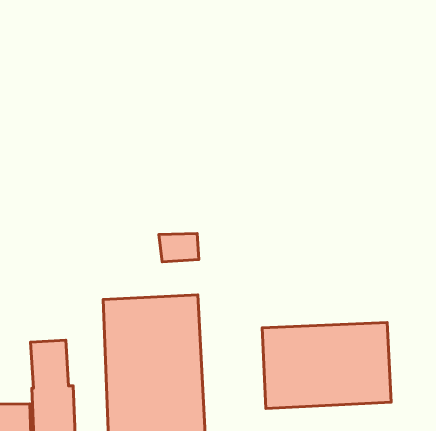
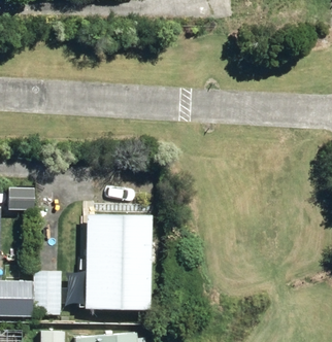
building: [262,323,391,409] -> none

